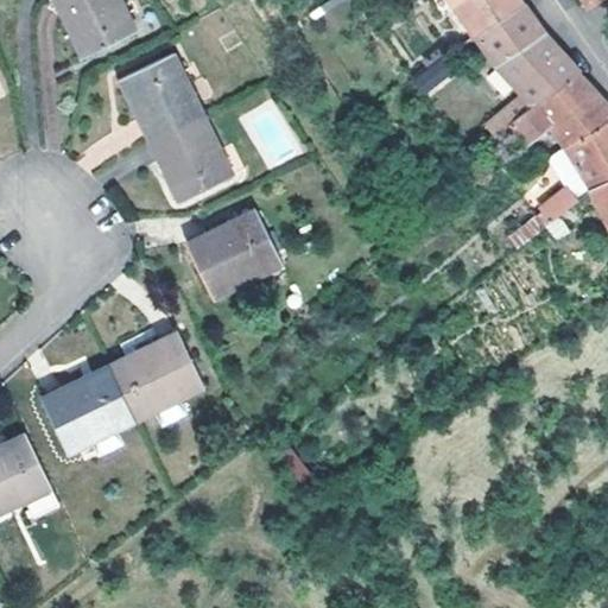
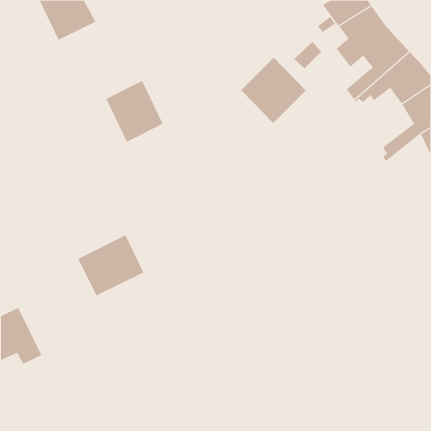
building: [118,52,201,139] -> none
building: none -> [240,57,307,124]
building: [186,209,280,294] -> none
building: [40,365,135,451] -> none

